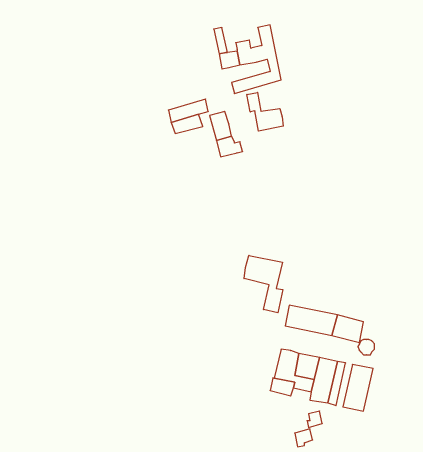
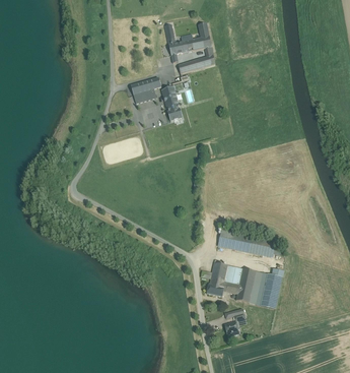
building: [247,92,283,131] -> none
building: [244,255,283,313] -> none

